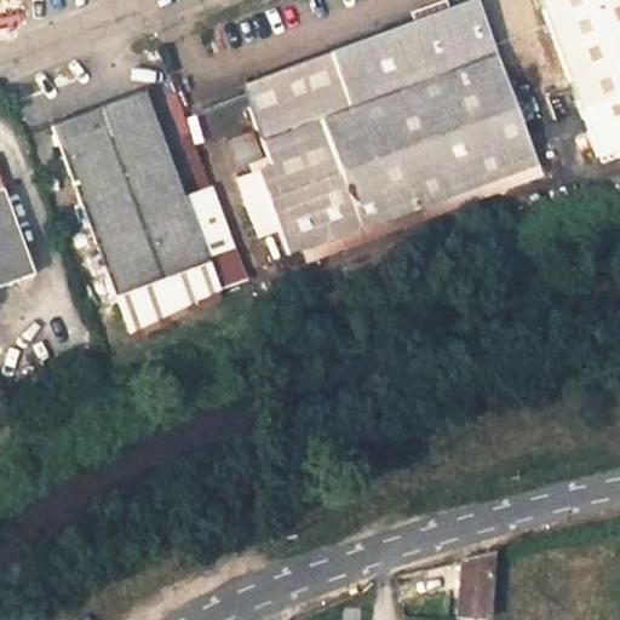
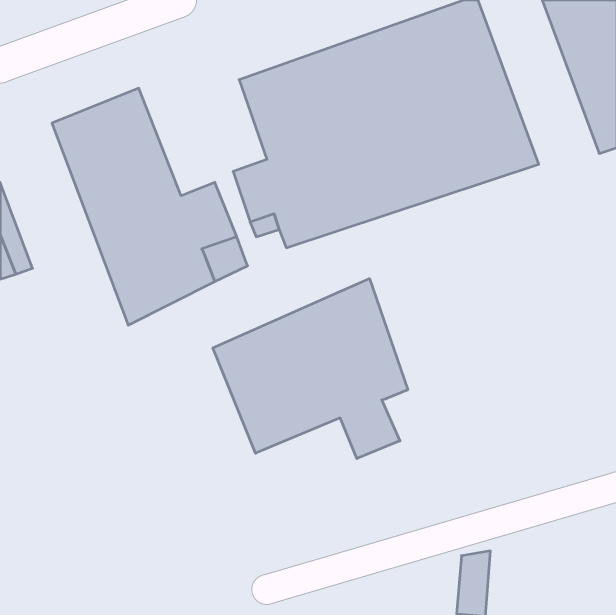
building: none -> [213,279,408,459]

